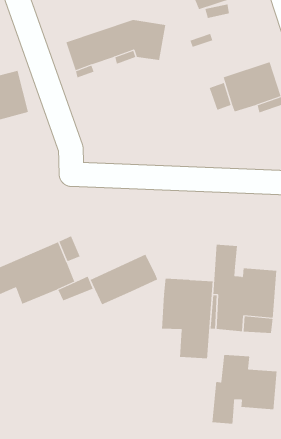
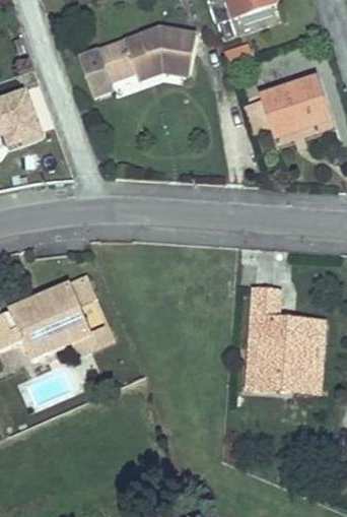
building: [90,254,158,305] -> none
building: [162,278,213,359] -> none
building: [212,354,277,424] -> none

